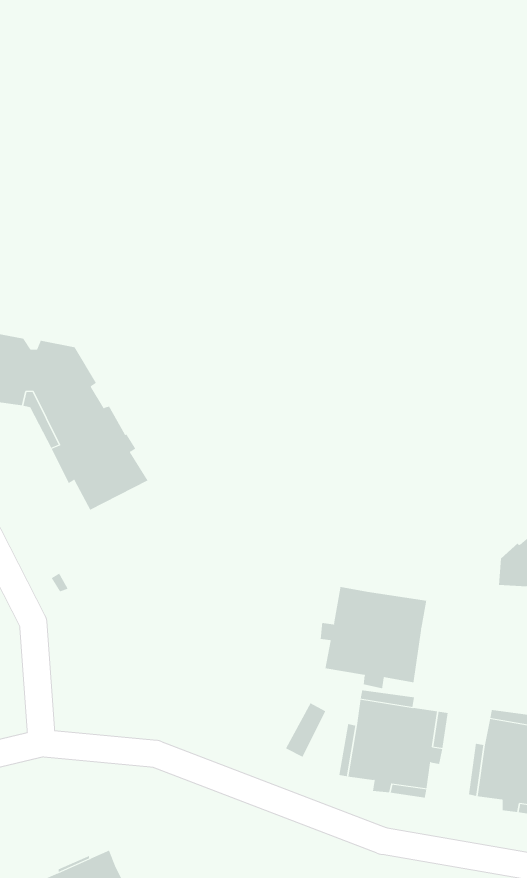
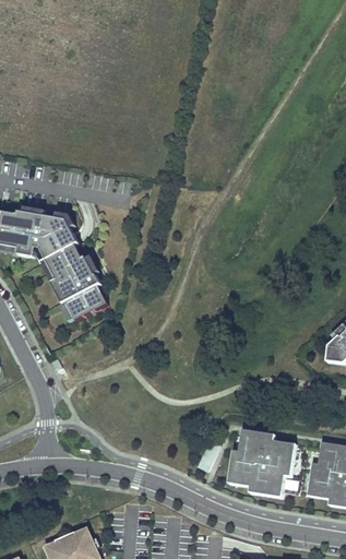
building: [320,586,427,689] -> none

